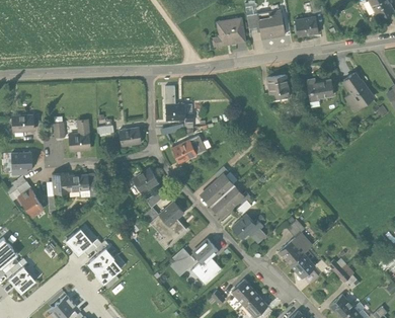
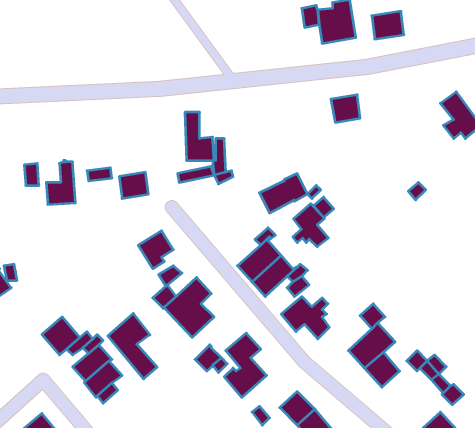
building: [212,18,244,46] -> none
building: [305,79,332,101] -> none
building: [171,136,205,163] -> [259,174,308,213]
building: none -> [293,204,328,247]
building: [53,174,88,194] -> none
building: none -> [108,313,157,379]

